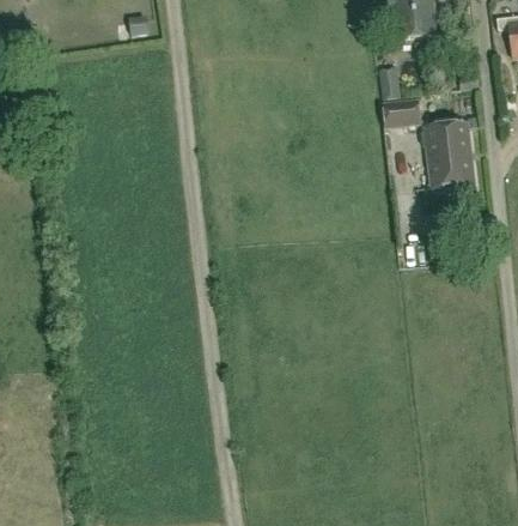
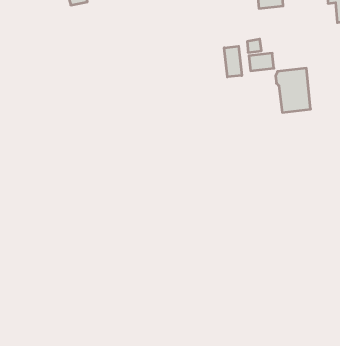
building: none -> [224,46,242,77]

